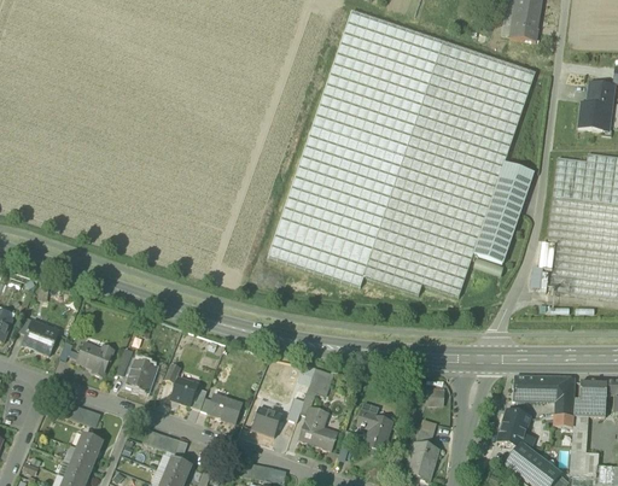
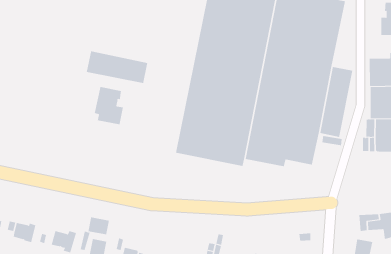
building: none -> [86,50,148,84]
building: none -> [94,86,123,125]
building: none -> [88,217,110,235]

